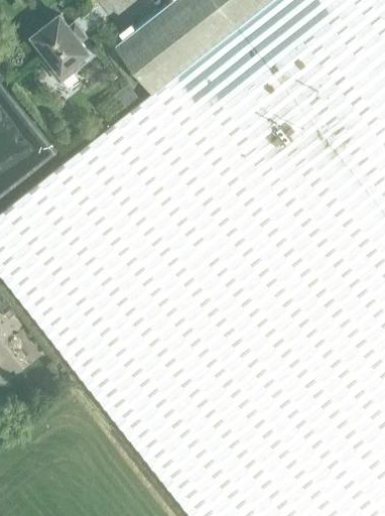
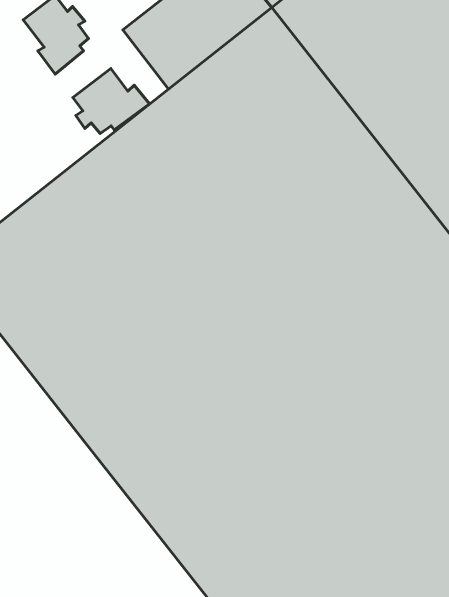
building: none -> [73,68,149,134]

